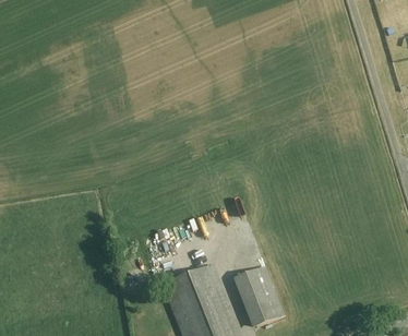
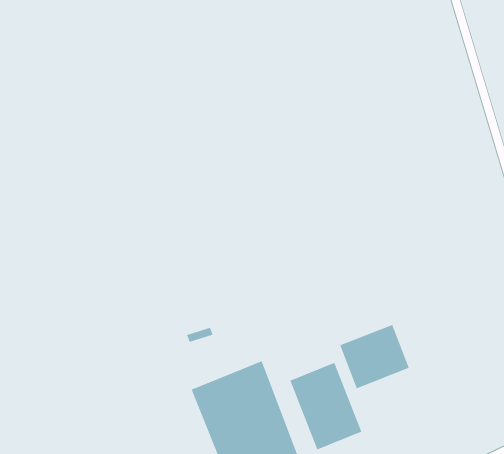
building: none -> [339,324,410,389]

